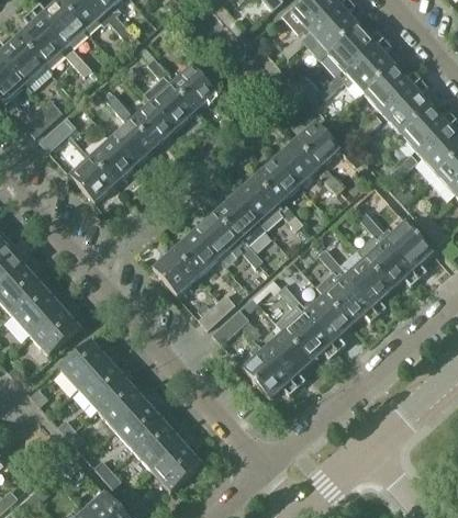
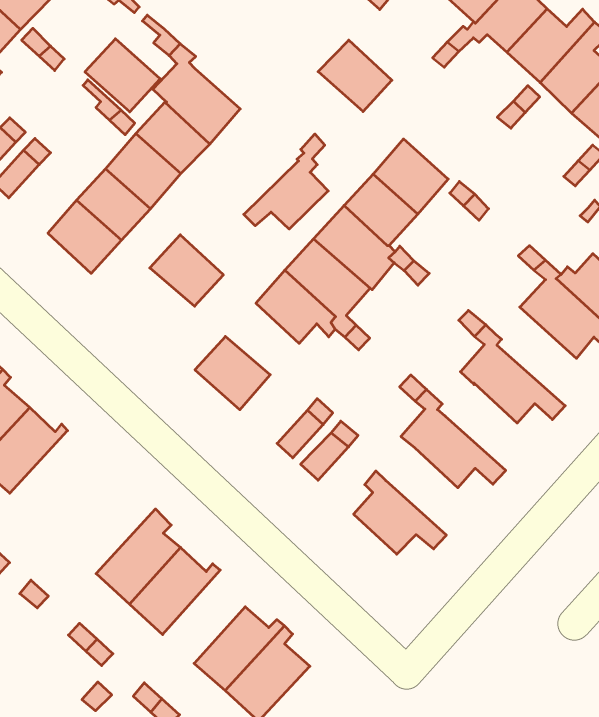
building: [170,65,216,111] -> [85,39,160,112]
building: [294,122,339,167] -> [318,40,392,112]
building: none -> [244,134,328,229]
building: [172,232,217,277] -> [150,235,223,306]
building: [339,250,388,314] -> none
building: [299,294,347,350] -> none
building: [30,299,83,354] -> none
building: [262,330,306,386] -> none
building: [59,337,119,388] -> none
building: [115,394,168,450] -> none

